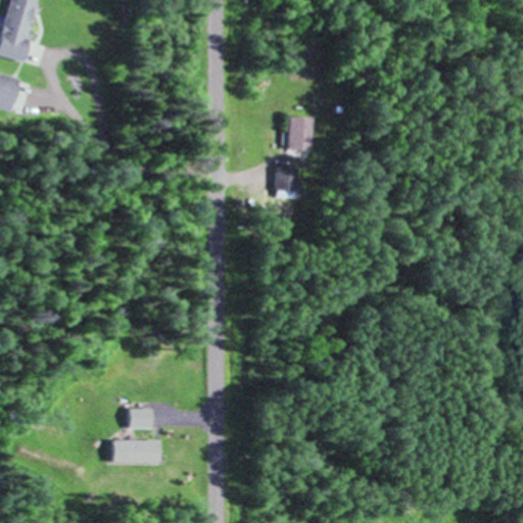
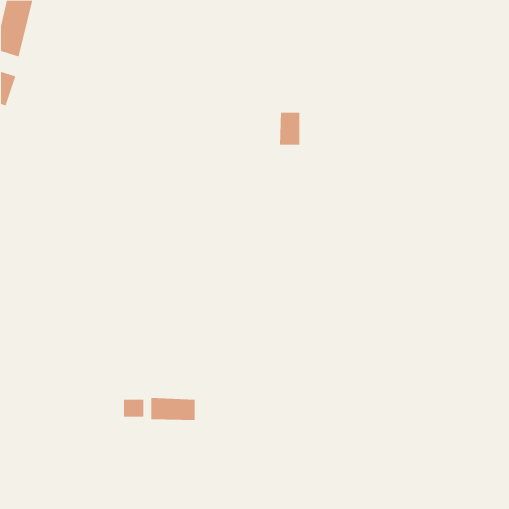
building: [276,168,300,197] -> none
building: [110,440,156,464] -> [150,398,195,421]

